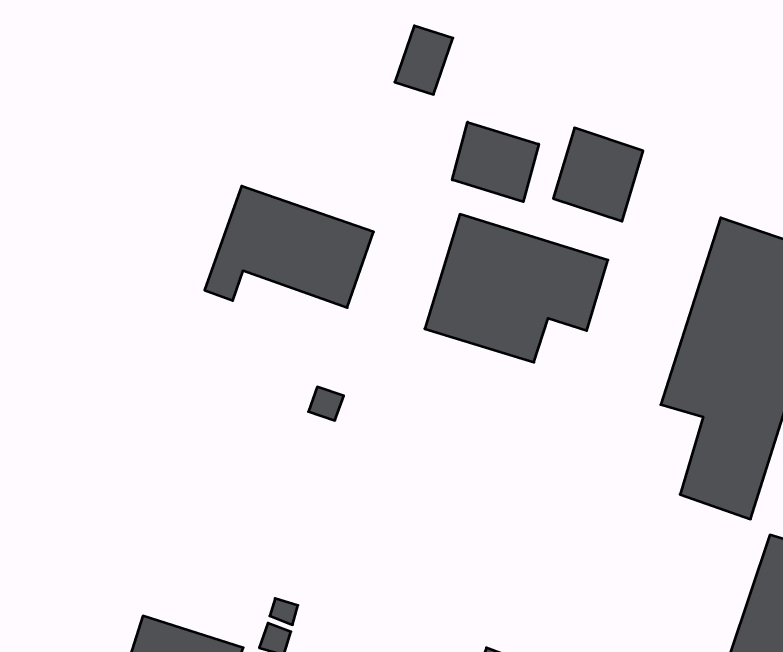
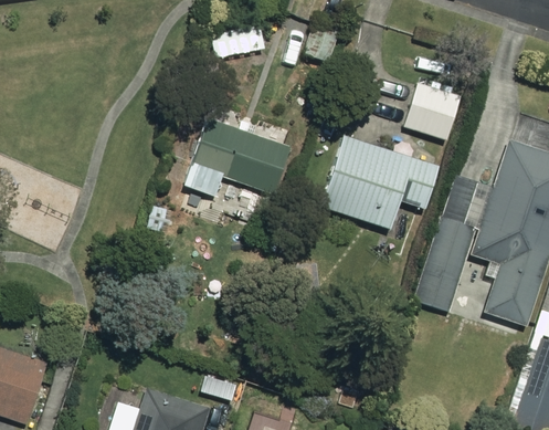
building: [452,122,539,202] -> none
building: none -> [411,214,476,313]

